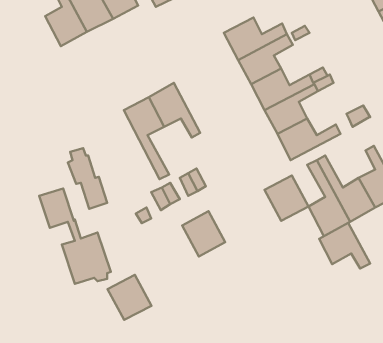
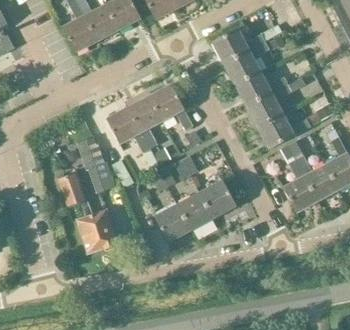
building: none -> [105,106,158,168]
building: [264,176,308,221] -> [199,179,236,217]
building: [319,223,370,269] -> none
building: [108,275,152,320] -> [154,203,191,241]

